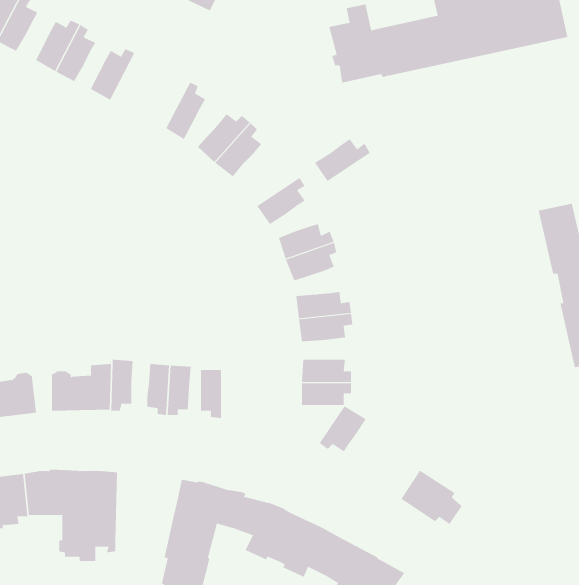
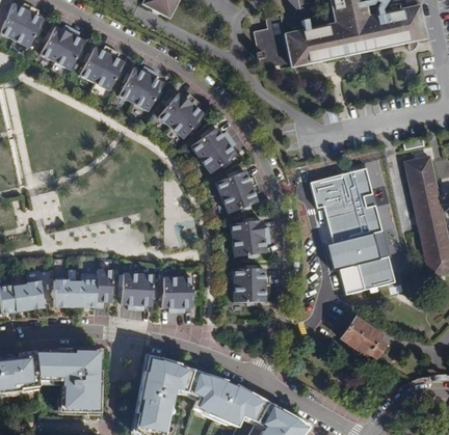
building: none -> [97,49,126,90]
building: none -> [122,65,154,103]
building: [314,138,371,182] -> [192,128,233,159]
building: none -> [310,166,396,294]
building: none -> [177,276,191,311]
building: [319,406,366,452] -> none
building: [401,470,463,525] -> [341,317,386,356]

